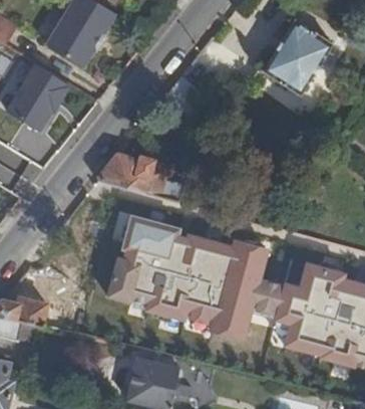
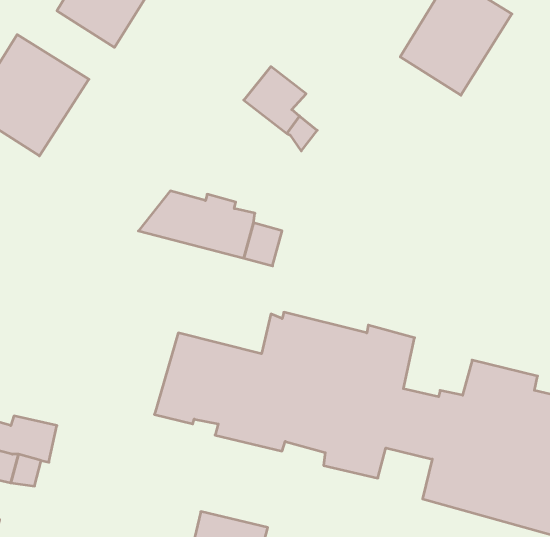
building: [118,211,182,259] -> none

